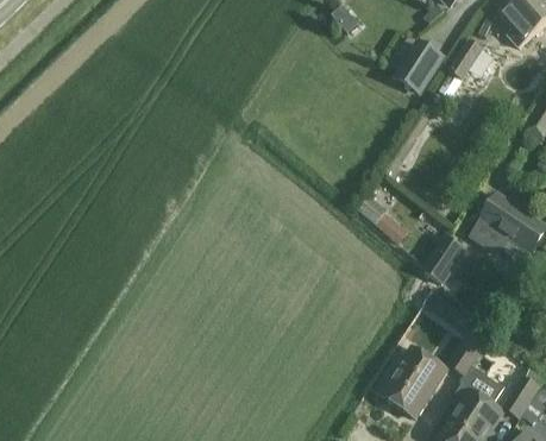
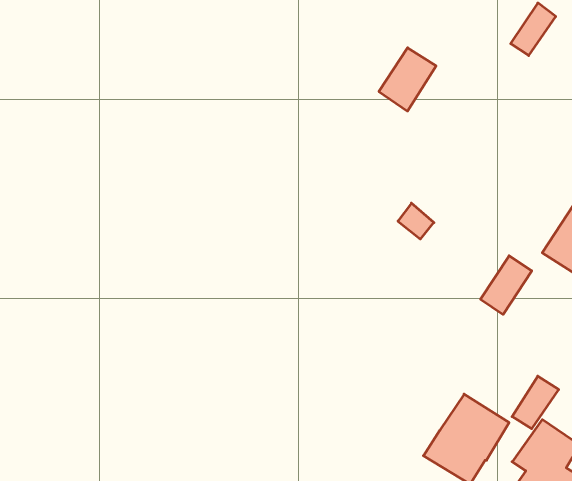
building: [396,43,441,93] -> [379,48,436,111]

